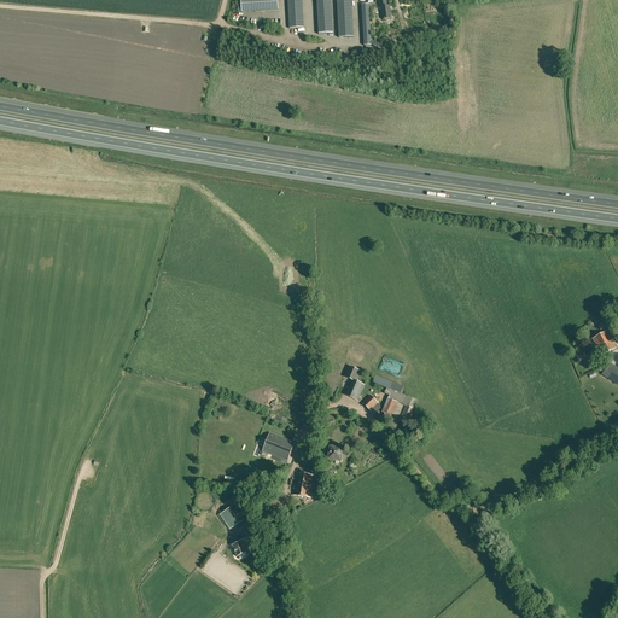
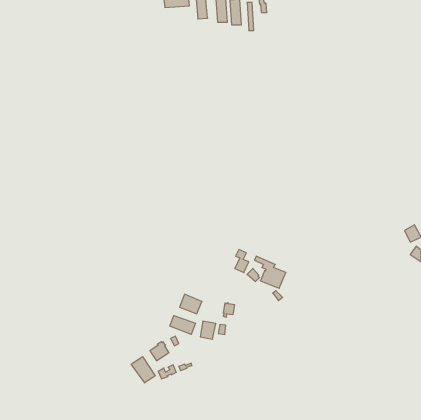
building: none -> [170,316,196,334]
building: none -> [131,357,155,383]

